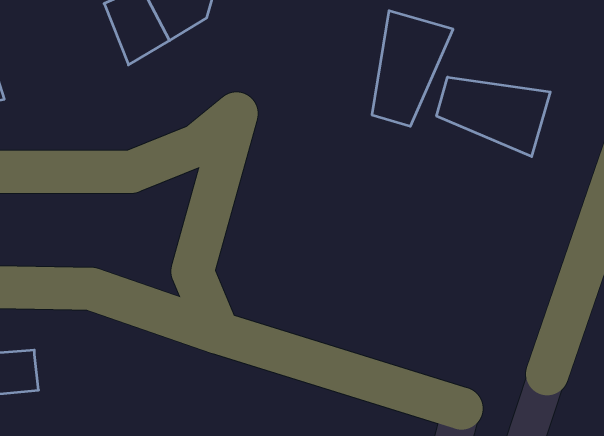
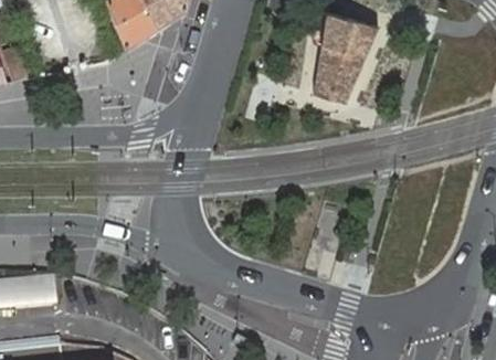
building: [437,77,550,157] -> none

